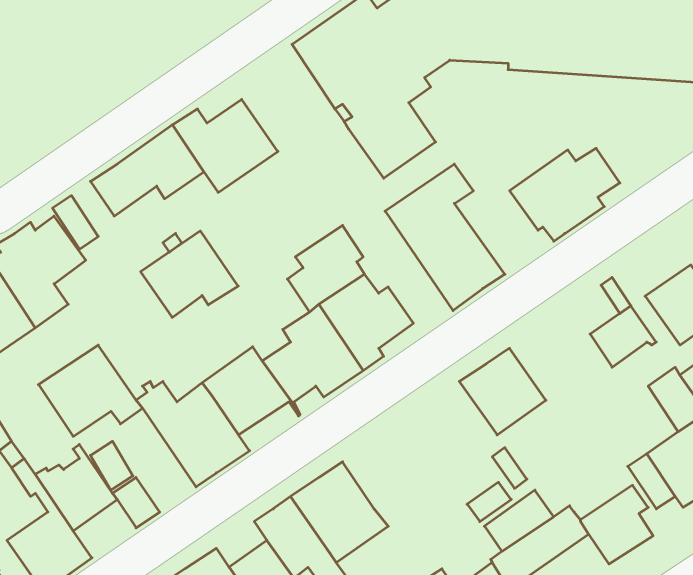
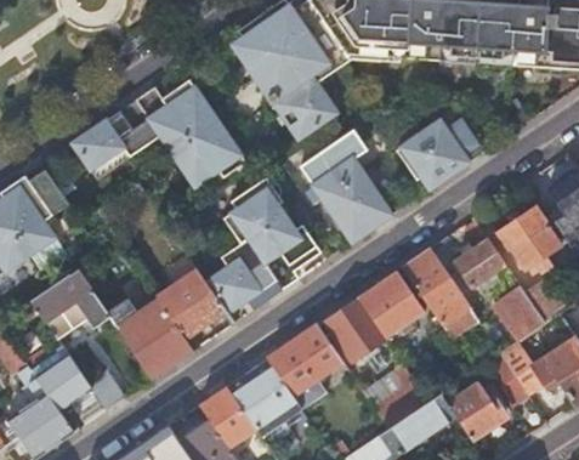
building: [141,231,238,317] -> [170,120,245,187]
building: none -> [401,248,469,325]
building: none -> [323,297,385,362]
building: none -> [266,325,341,409]

